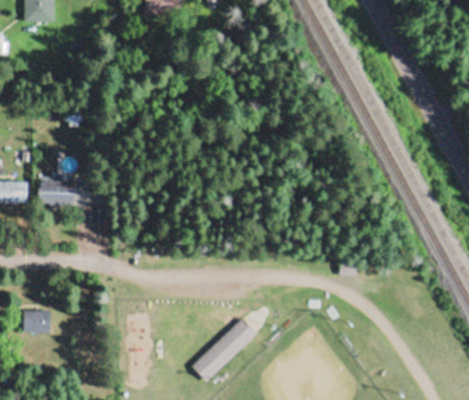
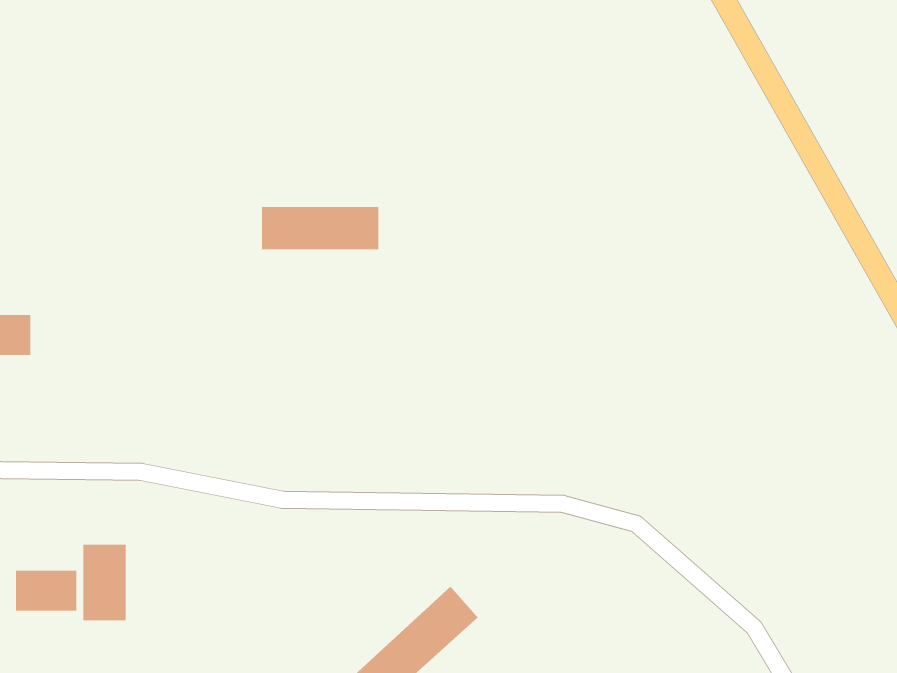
building: [41,182,100,205] -> [261,206,379,250]
building: none -> [83,544,126,621]

